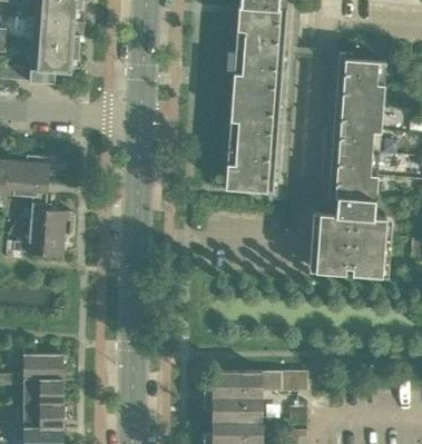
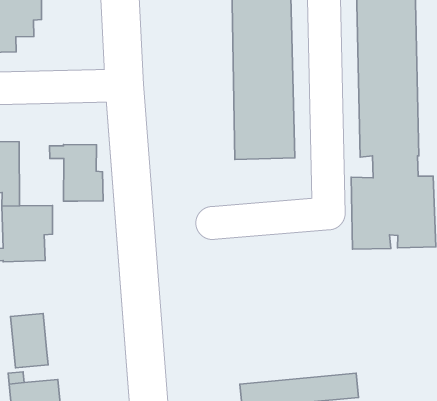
building: none -> [49,145,103,201]
building: none -> [11,314,48,368]

